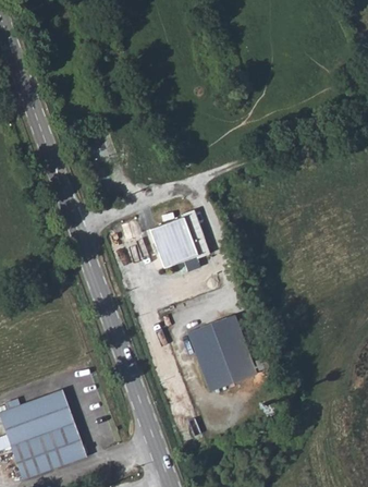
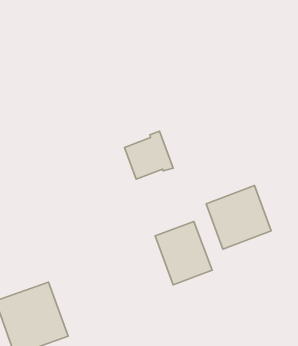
building: none -> [206,185,271,249]

